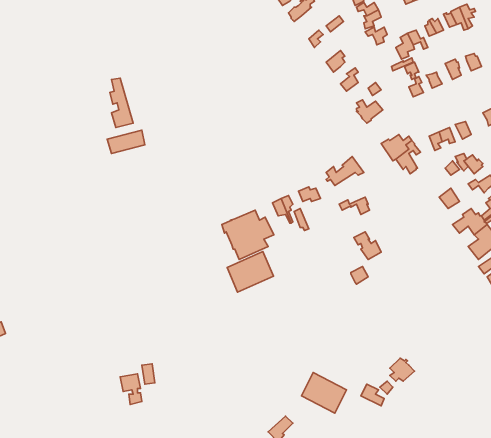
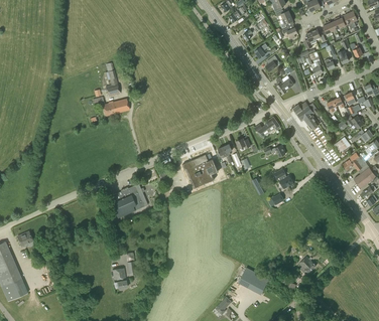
building: [227,251,273,292] -> none
building: none -> [108,183,148,217]

